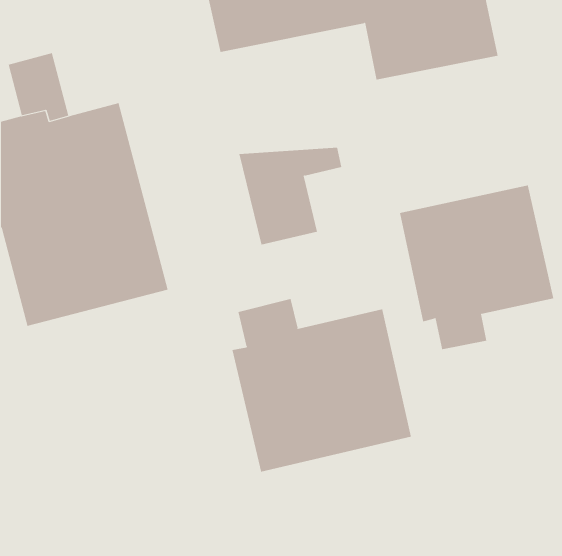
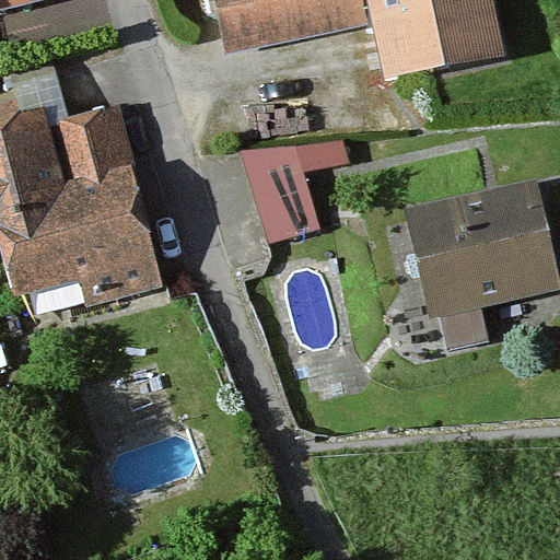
building: [232,298,411,473] -> none

